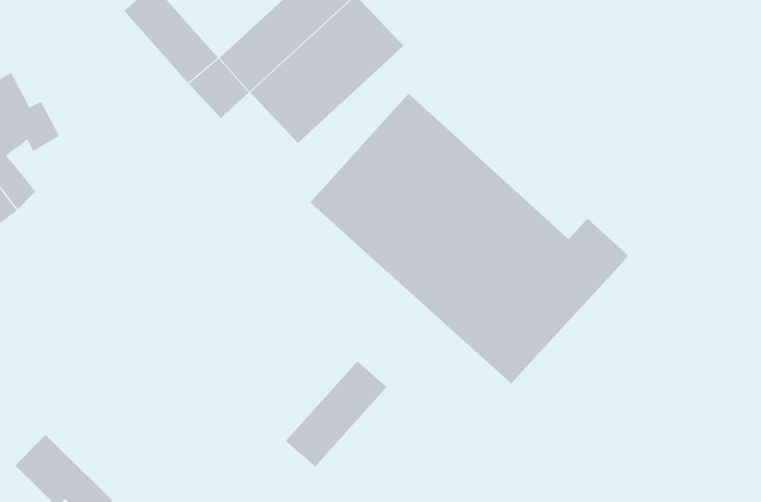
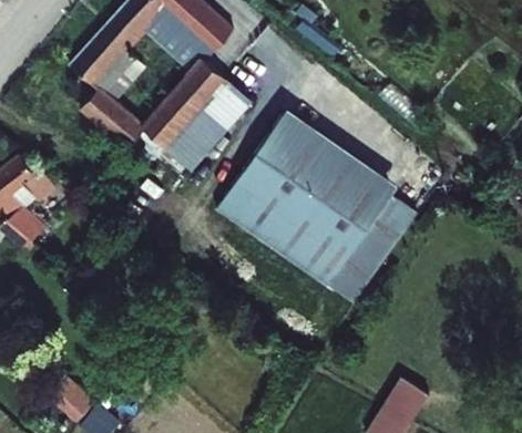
building: none -> [266,110,393,209]
building: [285,360,388,468] -> none

